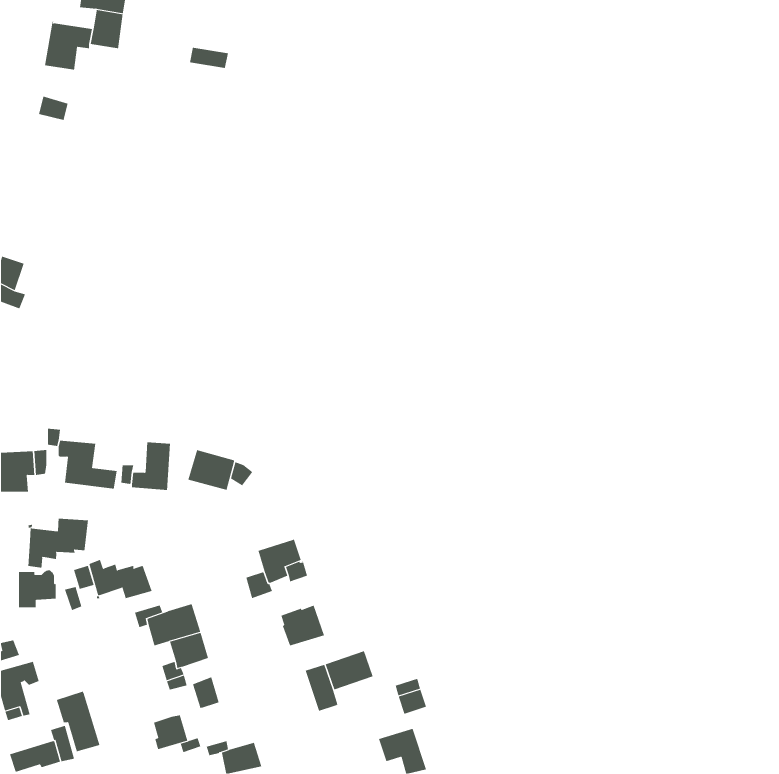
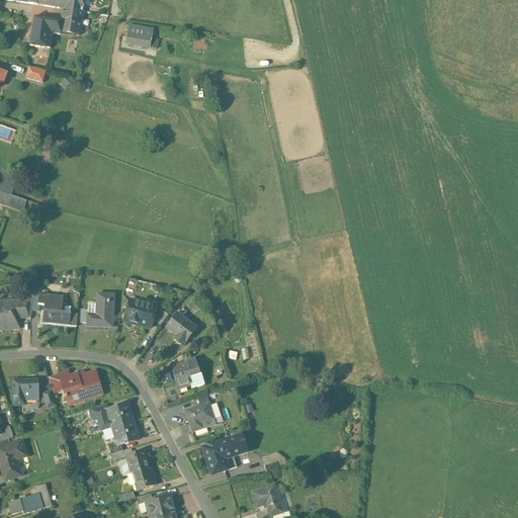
building: none -> [166,313,196,344]
building: [28,518,89,569] -> none
building: [56,691,100,752] -> none
building: [153,715,188,750] -> [134,465,157,489]

